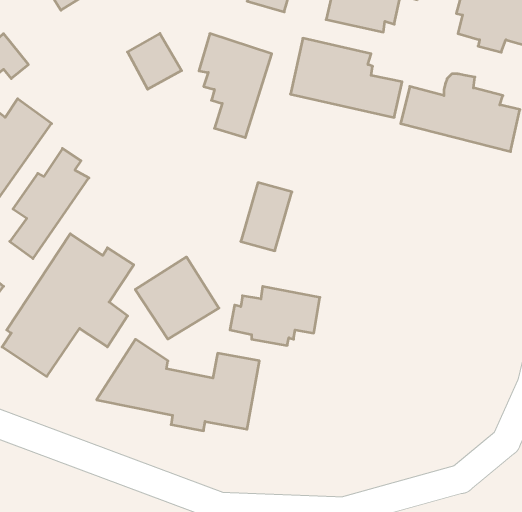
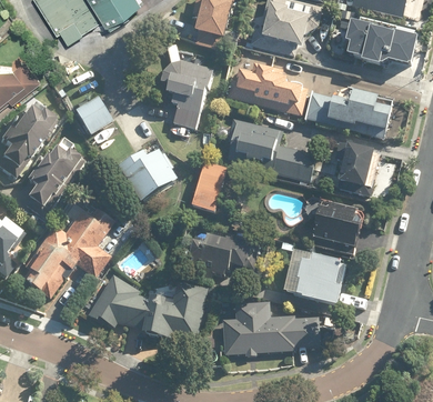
building: [127,33,182,89] -> [74,94,113,134]
building: none -> [226,118,312,181]
building: none -> [331,140,380,190]
building: none -> [311,200,363,253]
building: [135,257,219,339] -> [118,145,178,204]
building: none -> [283,251,346,308]
building: none -> [221,303,321,353]

